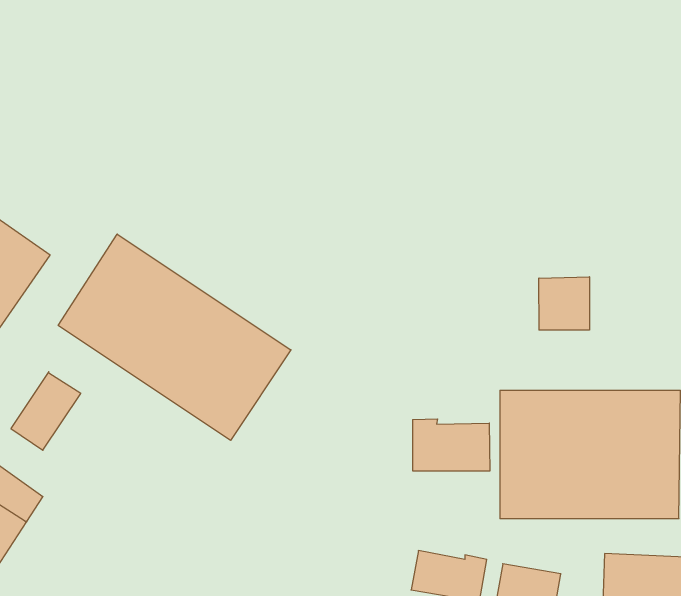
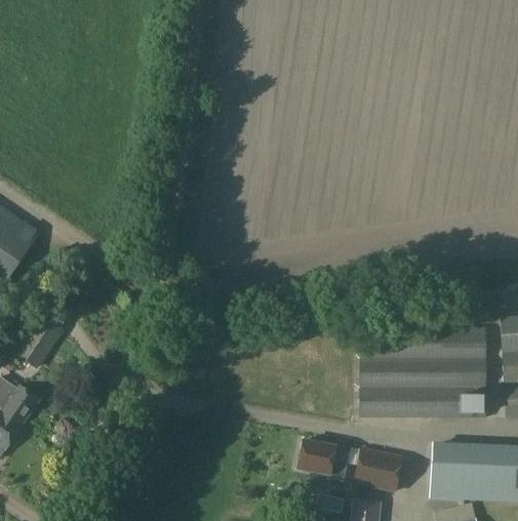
building: [58,234,291,440] -> none
building: [539,277,589,330] -> none
building: [413,419,490,471] -> none

